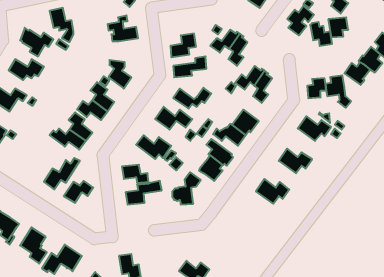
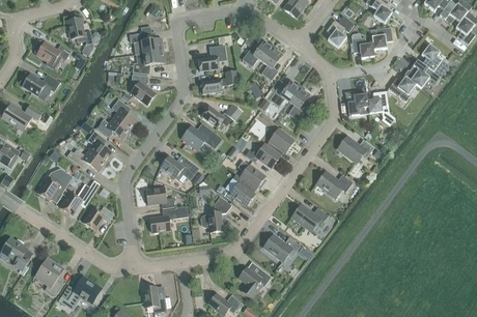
building: none -> [133,50,165,74]
building: none -> [37,167,73,199]
building: none -> [263,233,300,260]
building: none -> [237,266,271,298]

